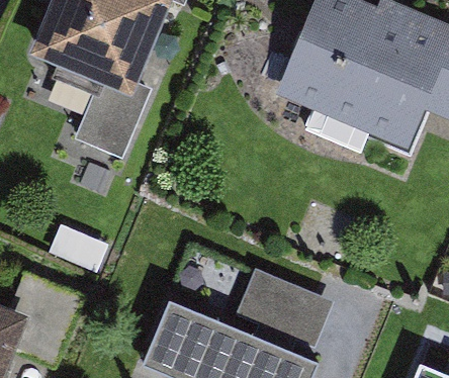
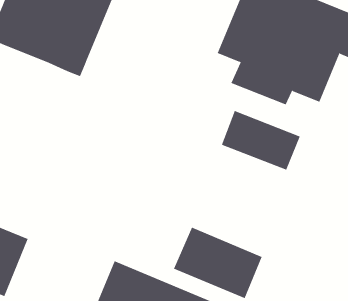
building: [74,83,152,158] -> none
building: none -> [221,110,300,170]

